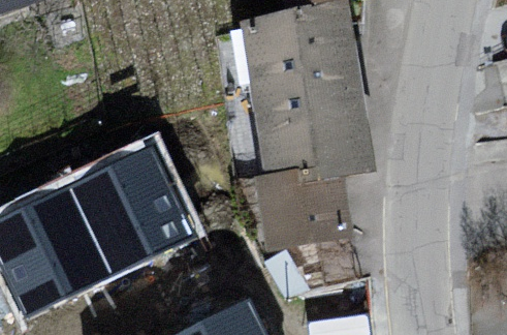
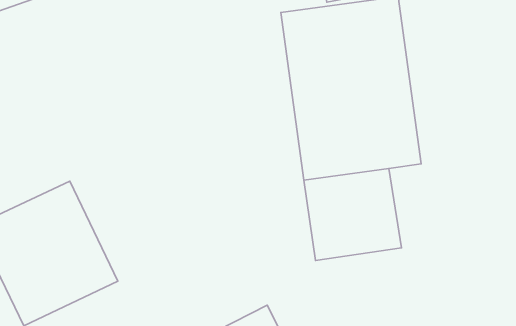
building: [64,146,193,277] -> none

